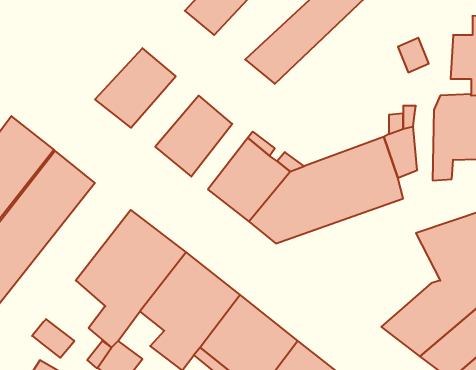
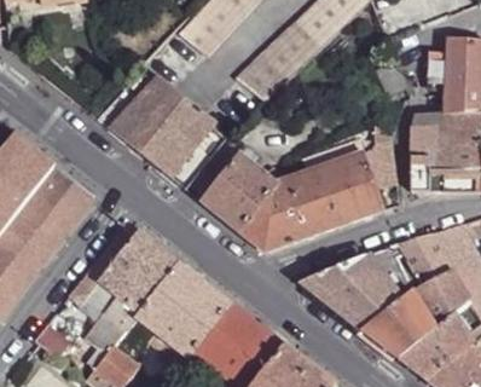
building: none -> [128,94,192,161]
building: none -> [300,242,419,330]

